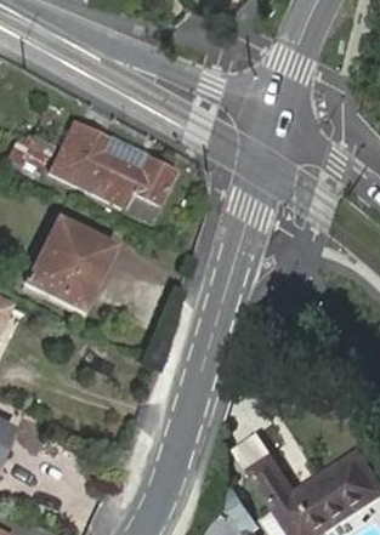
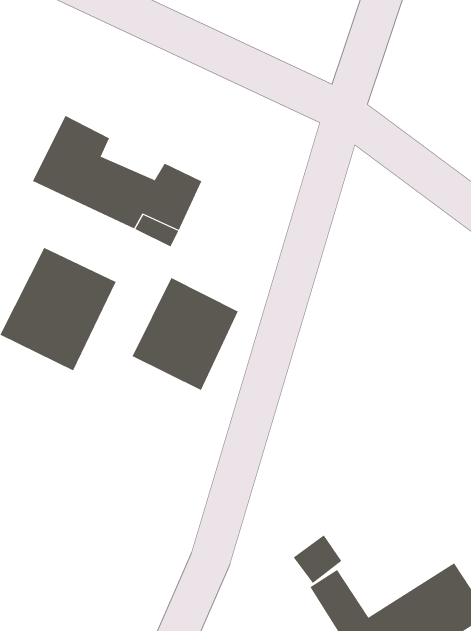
building: none -> [132,277,239,391]

